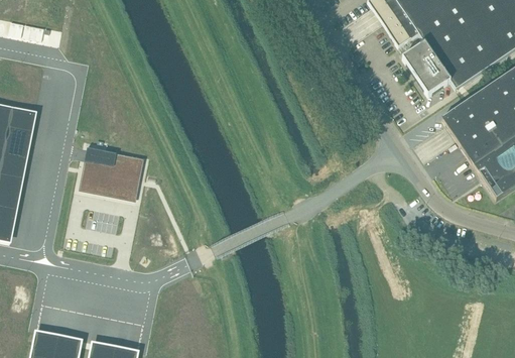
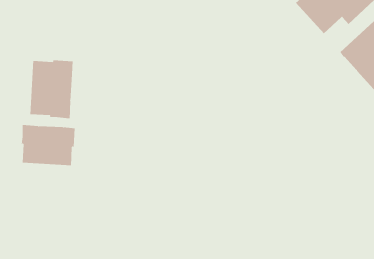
building: none -> [30,59,73,119]

